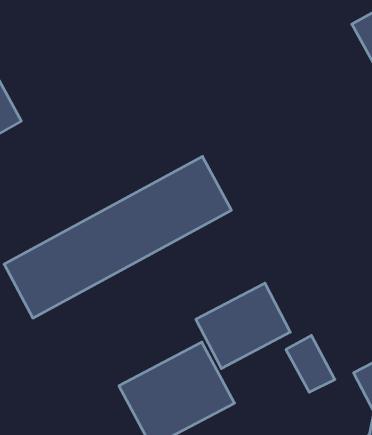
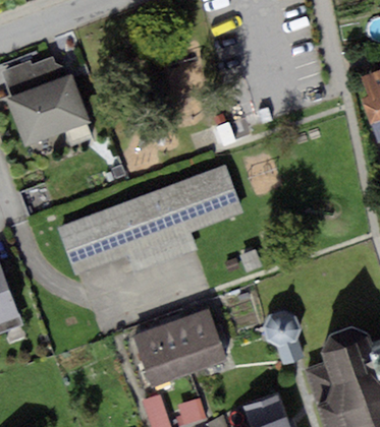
building: [196,283,290,369] -> none

